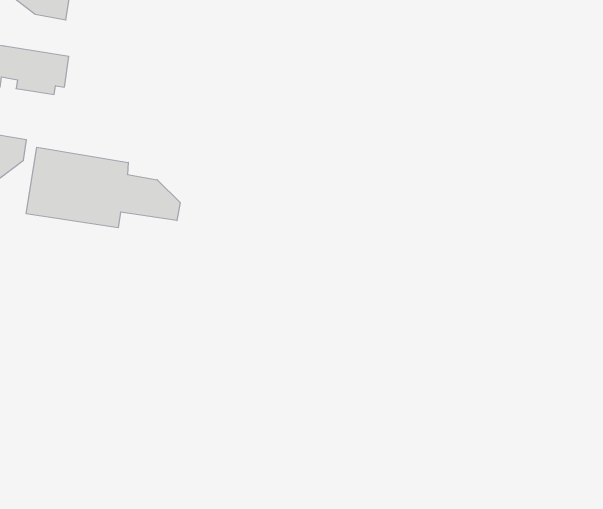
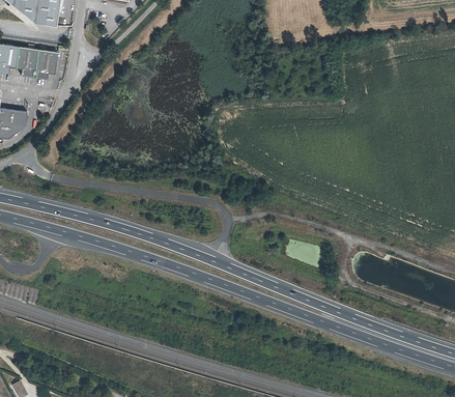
building: [26,147,180,228] -> none

